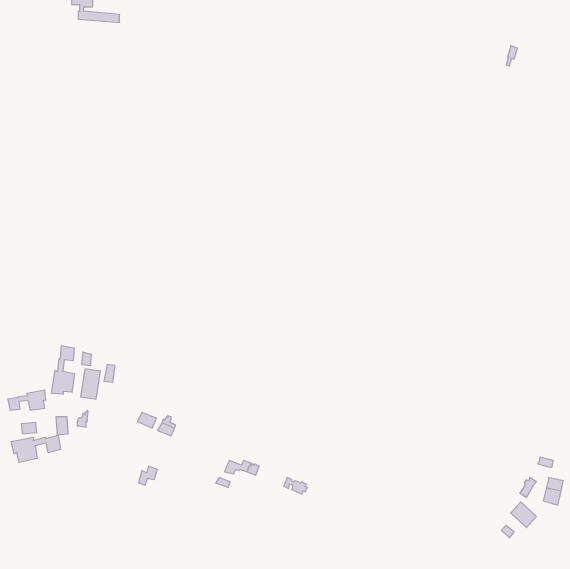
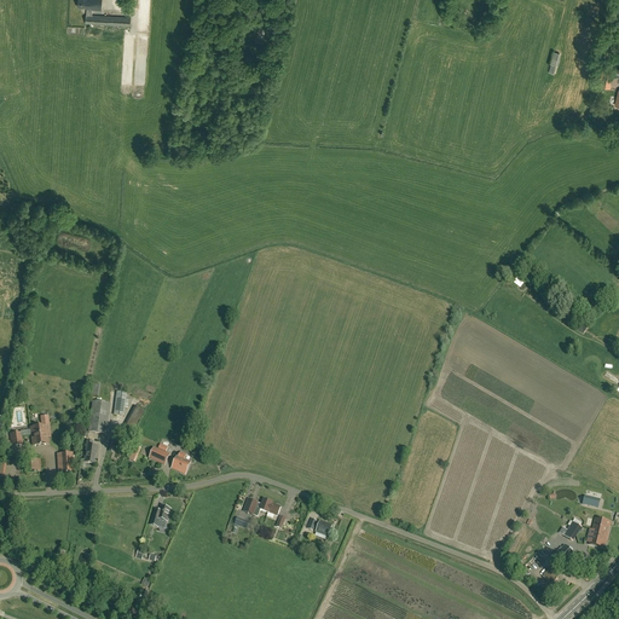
building: [52,346,74,394] -> none
building: [11,435,61,463] -> none

